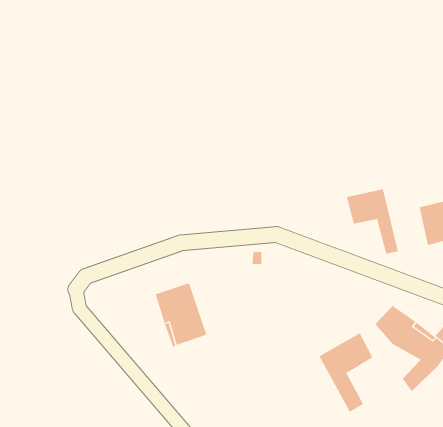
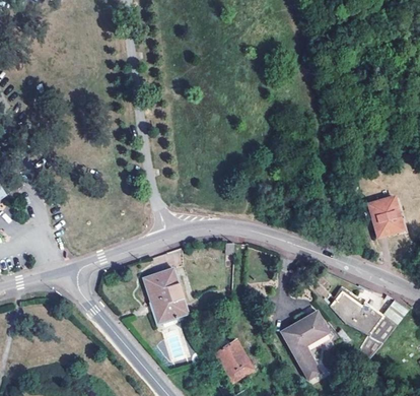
building: [346,188,398,255] -> none
building: none -> [216,340,254,382]

